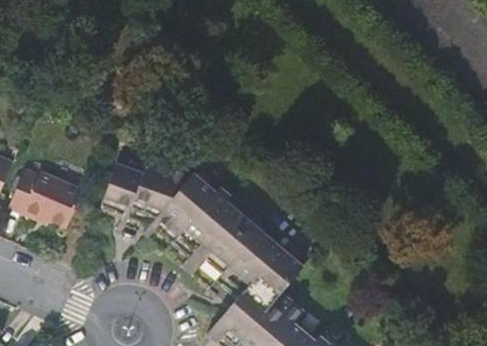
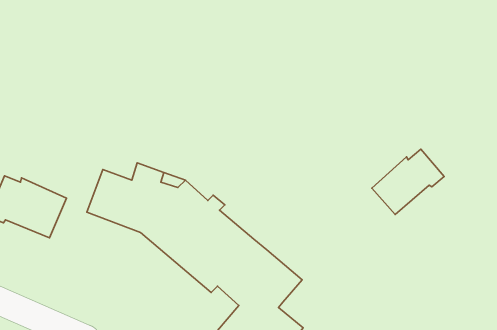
building: none -> [372,149,444,214]

